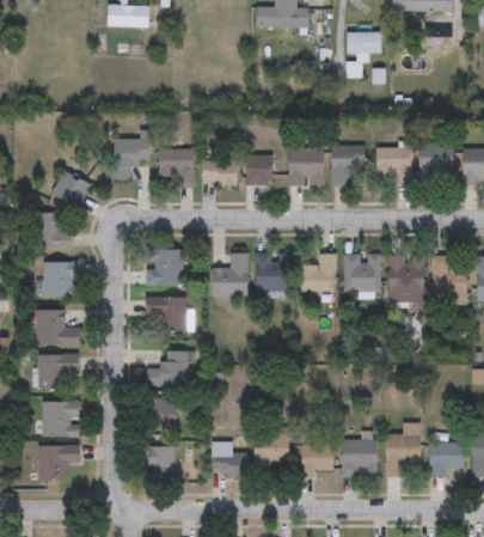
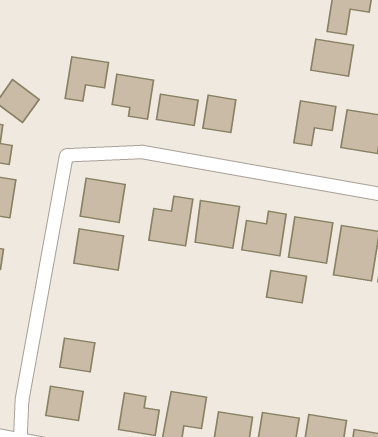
building: none -> [311,39,354,76]
building: [288,147,324,185] -> none
building: none -> [267,271,306,303]
building: [146,350,194,386] -> none

